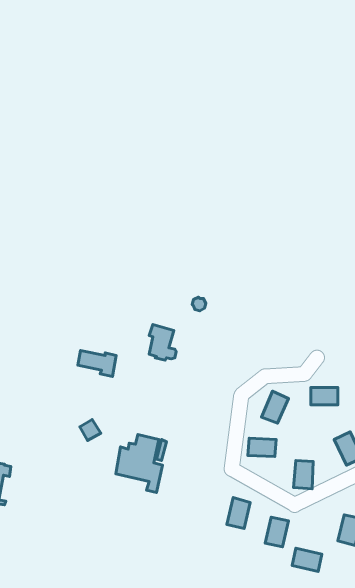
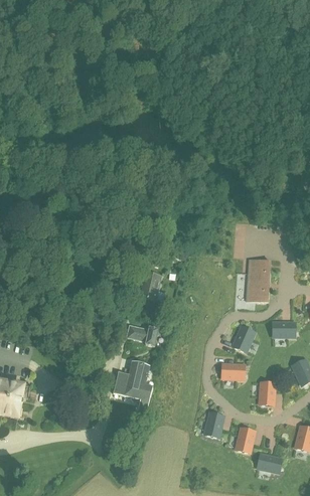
building: none -> [245,259,270,302]
building: [78,350,116,376] -> [126,324,157,345]

